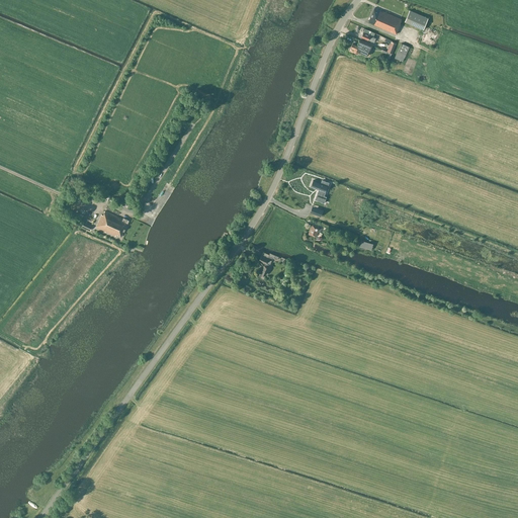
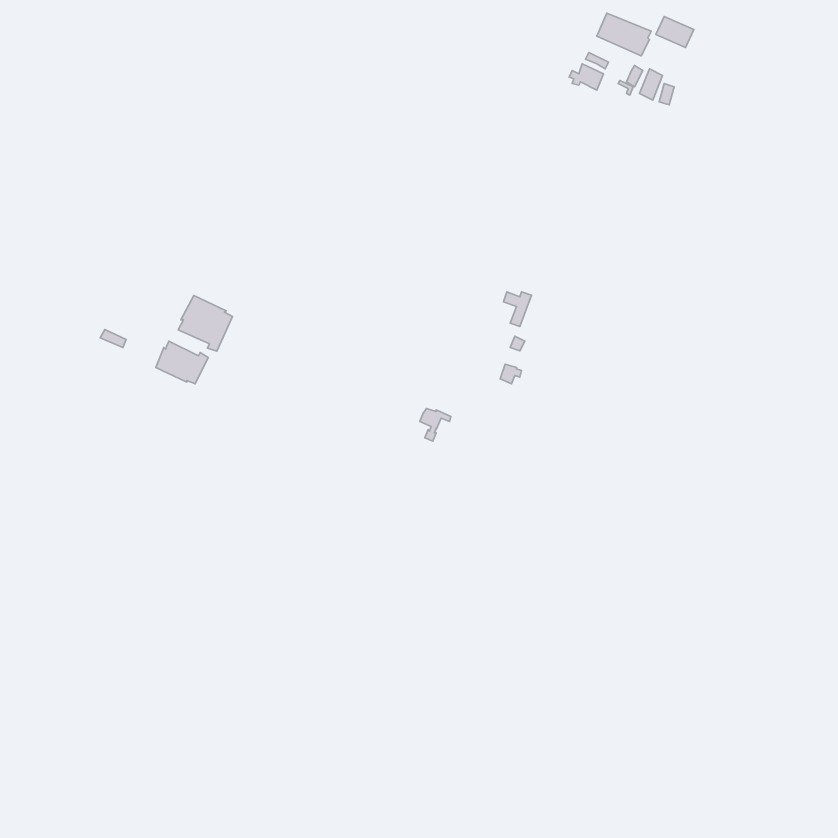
building: none -> [178,295,233,351]

